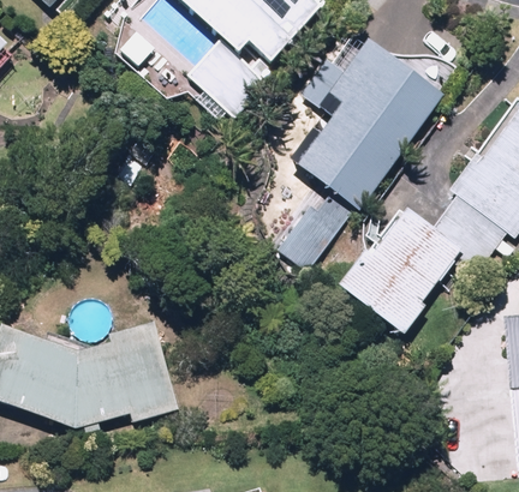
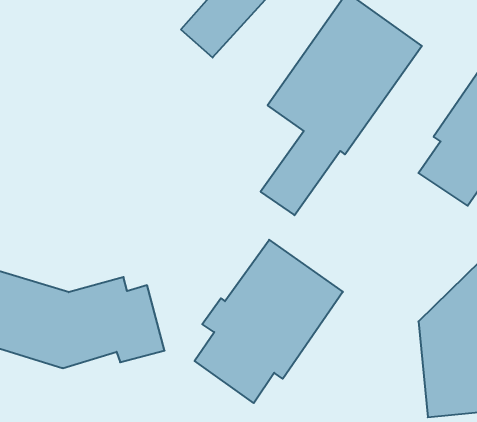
building: [334,202,464,335] -> none
building: none -> [195,240,343,403]

